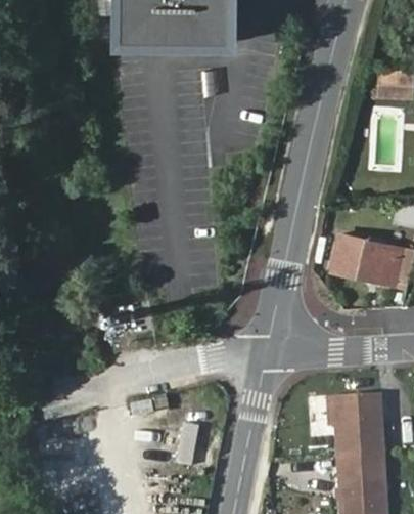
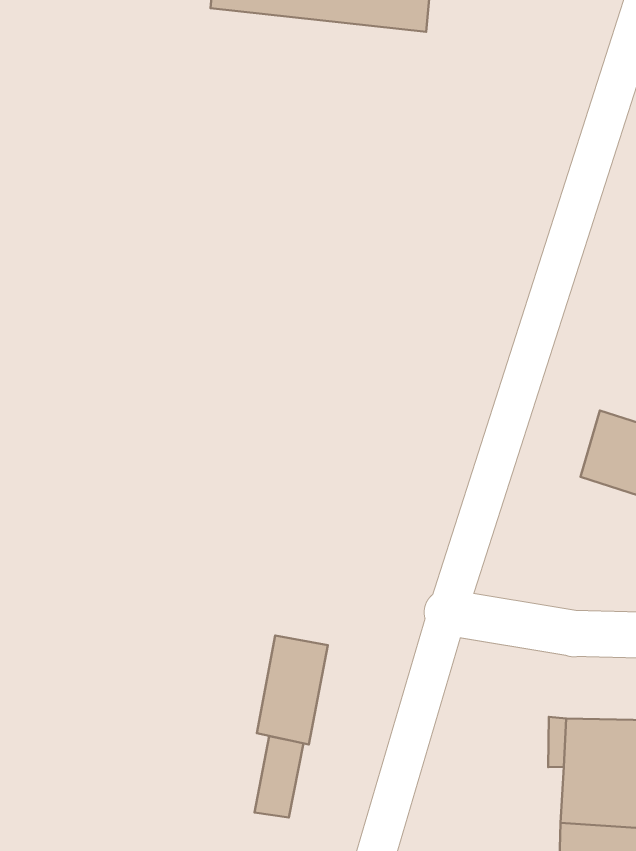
building: none -> [257,635,328,744]

